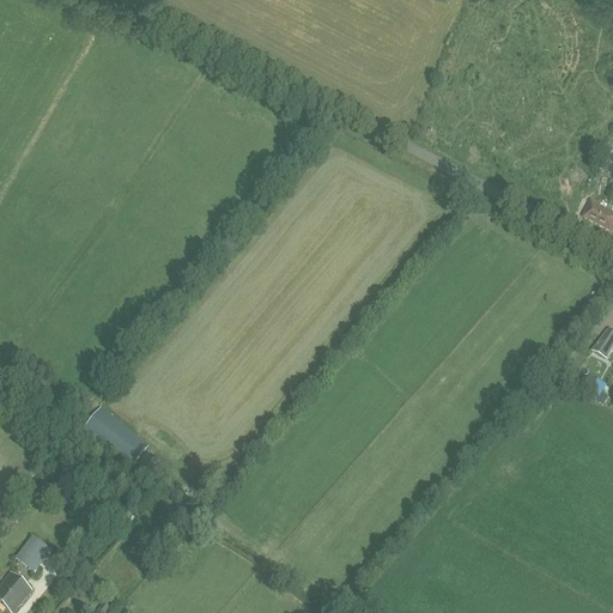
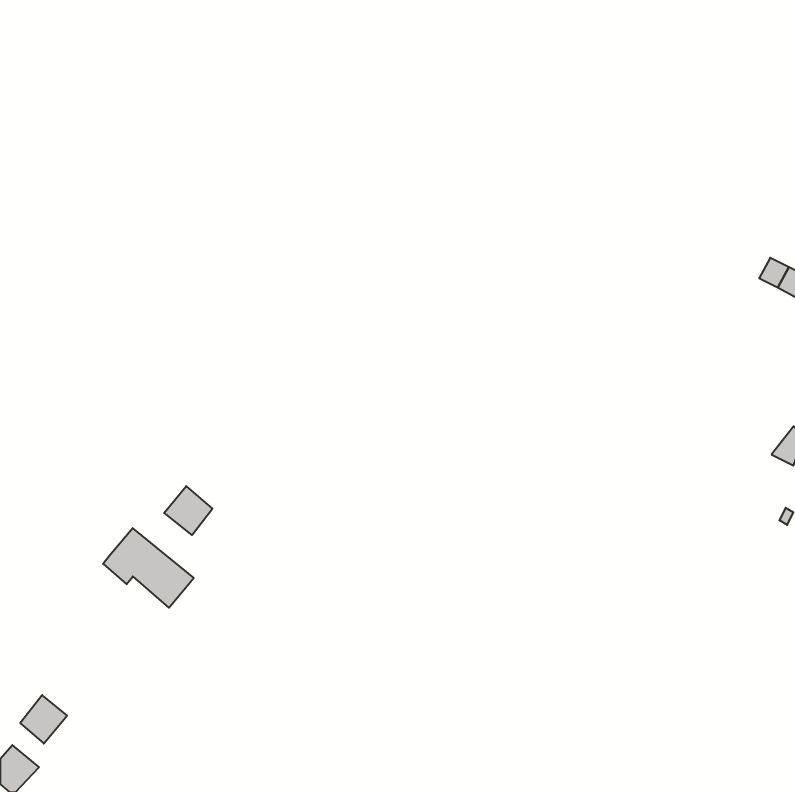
building: none -> [164,486,212,535]

